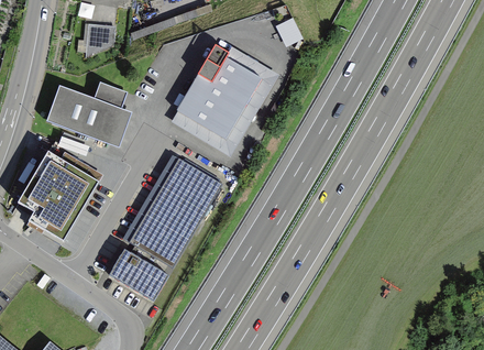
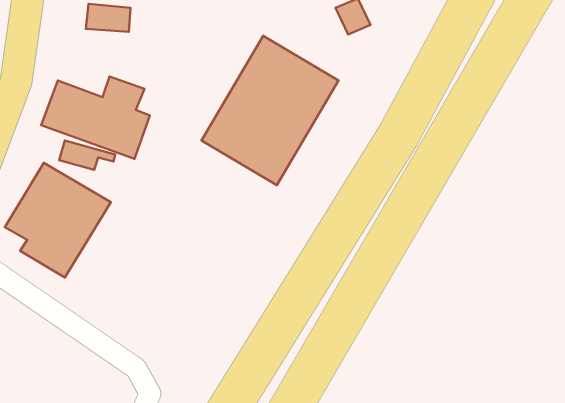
building: [108,156,223,299] -> none

